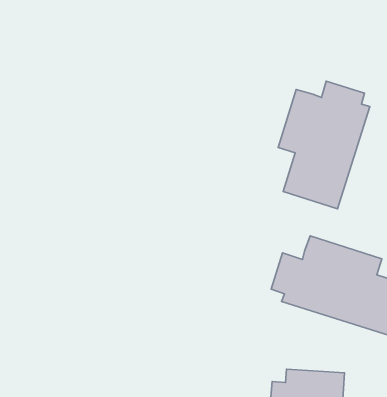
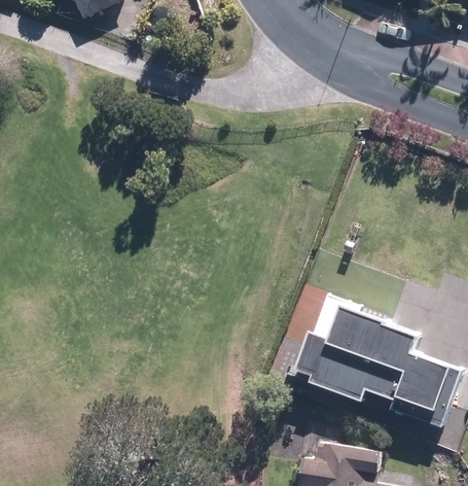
building: [278,81,370,209] -> none

